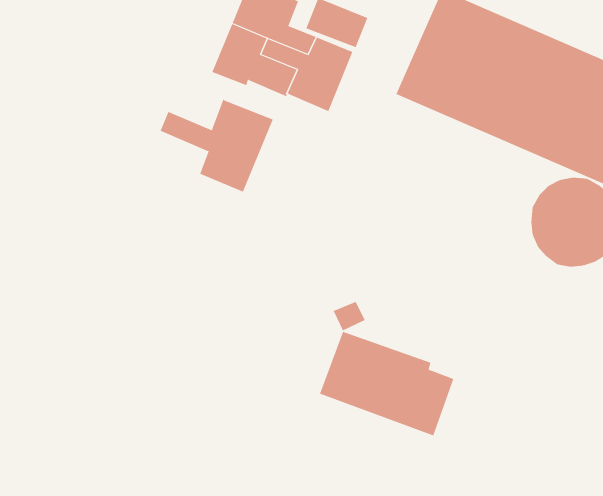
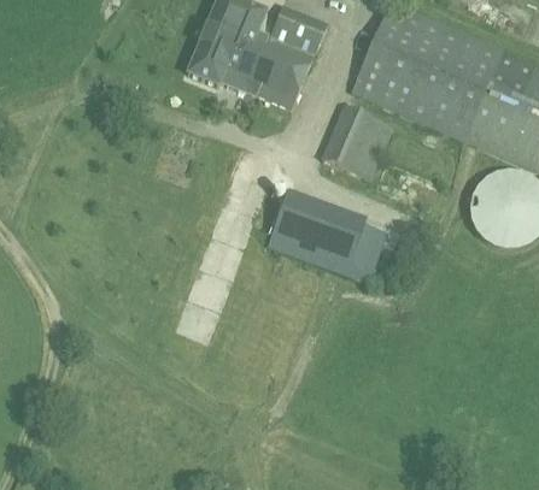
building: [160,99,274,192] -> none
building: none -> [321,105,393,179]
building: [319,331,454,436] -> [268,190,387,283]

